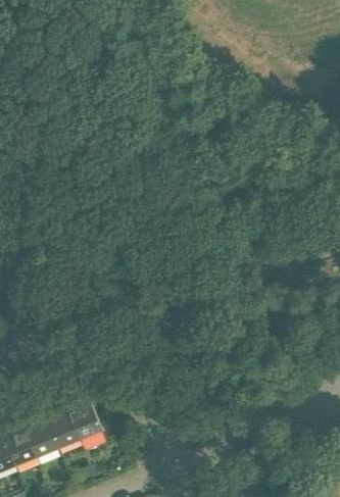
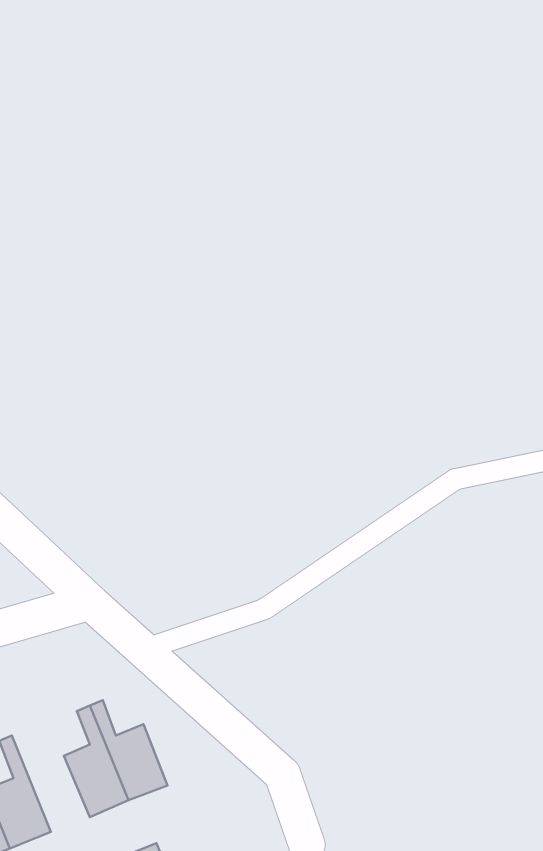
building: [17,403,60,459] -> none

